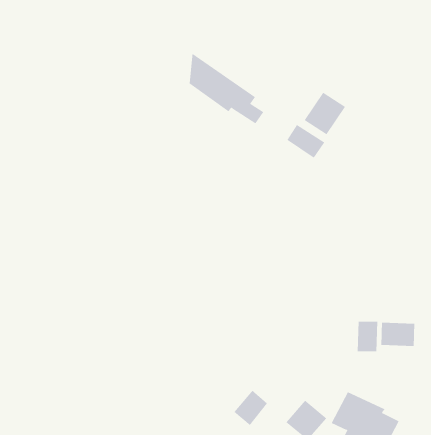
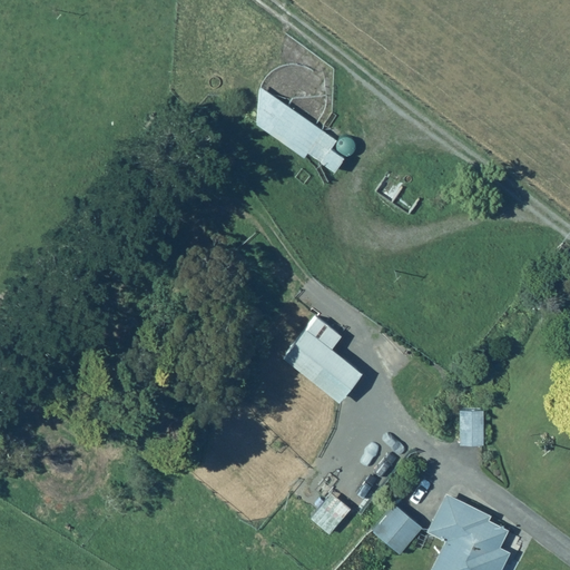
building: [304,92,346,135] -> none
building: none -> [281,315,365,403]
building: [381,322,415,347] -> none

